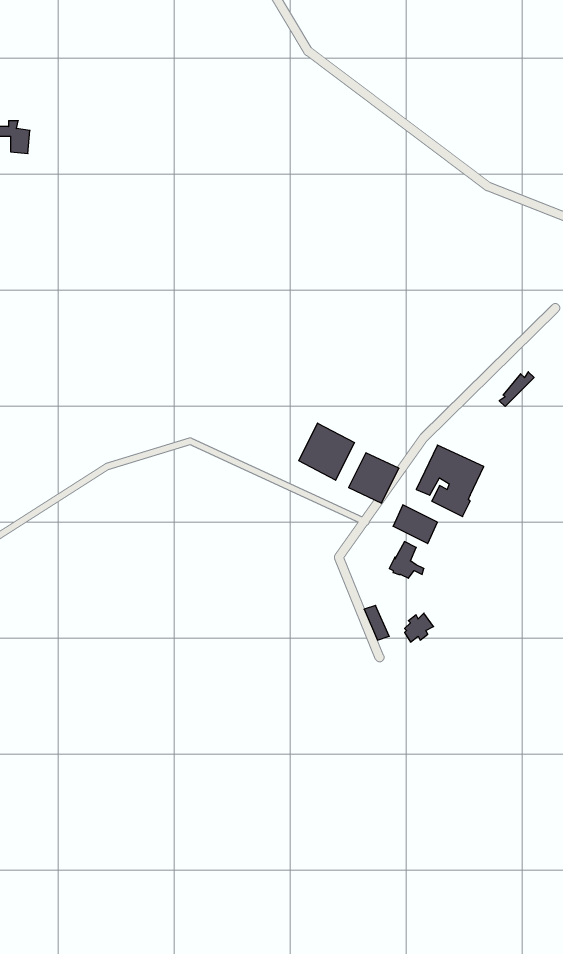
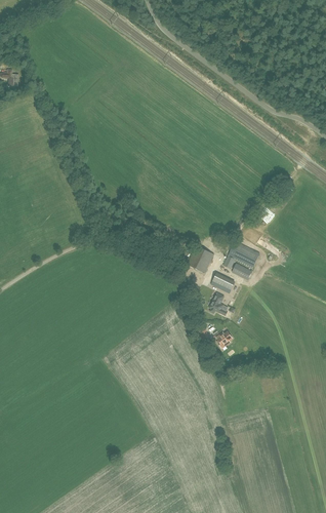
building: [299,423,354,480] -> none

